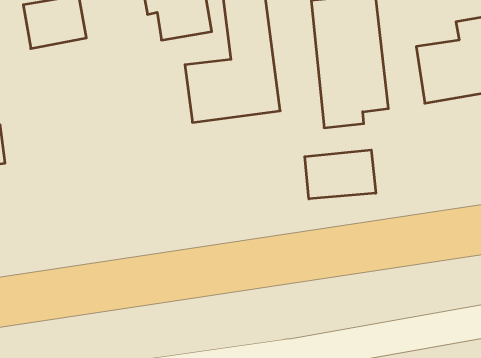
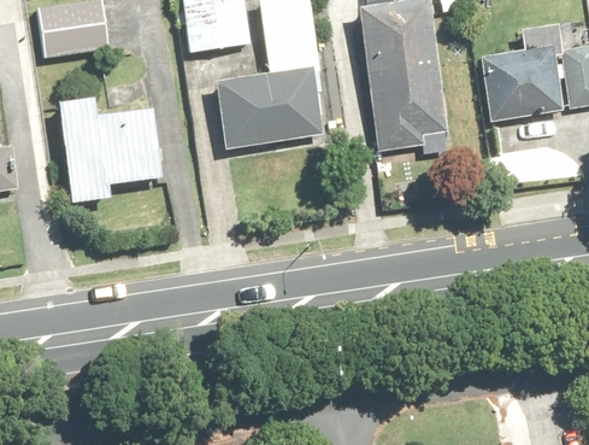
building: none -> [60,96,160,201]
building: [305,150,376,199] -> none

